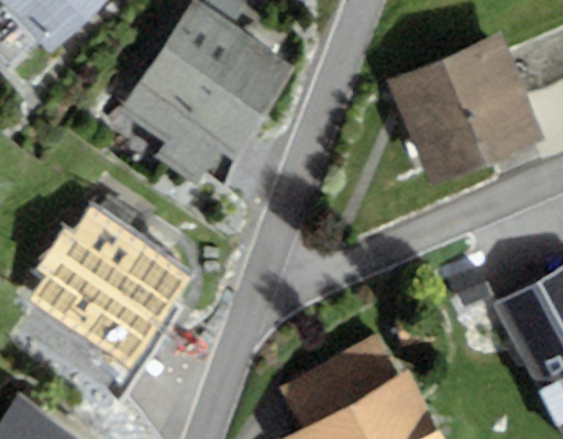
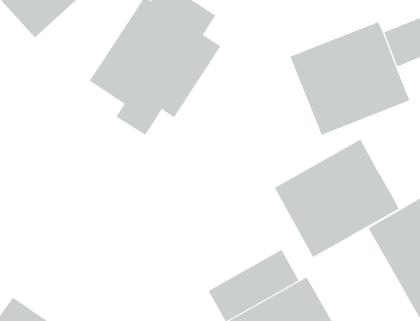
building: none -> [274,139,399,258]
building: [26,207,192,371] -> none

